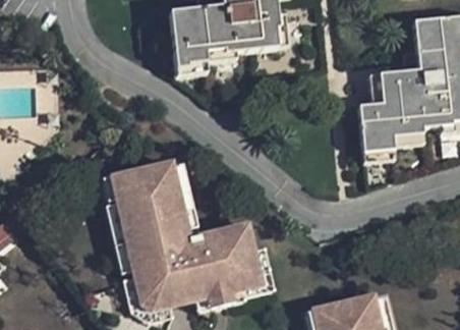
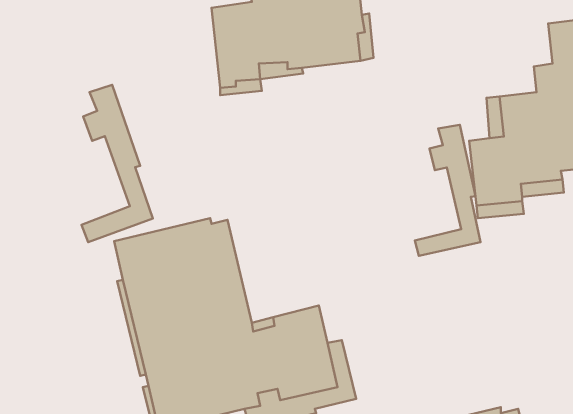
building: none -> [81,85,153,242]
building: none -> [415,125,481,256]

